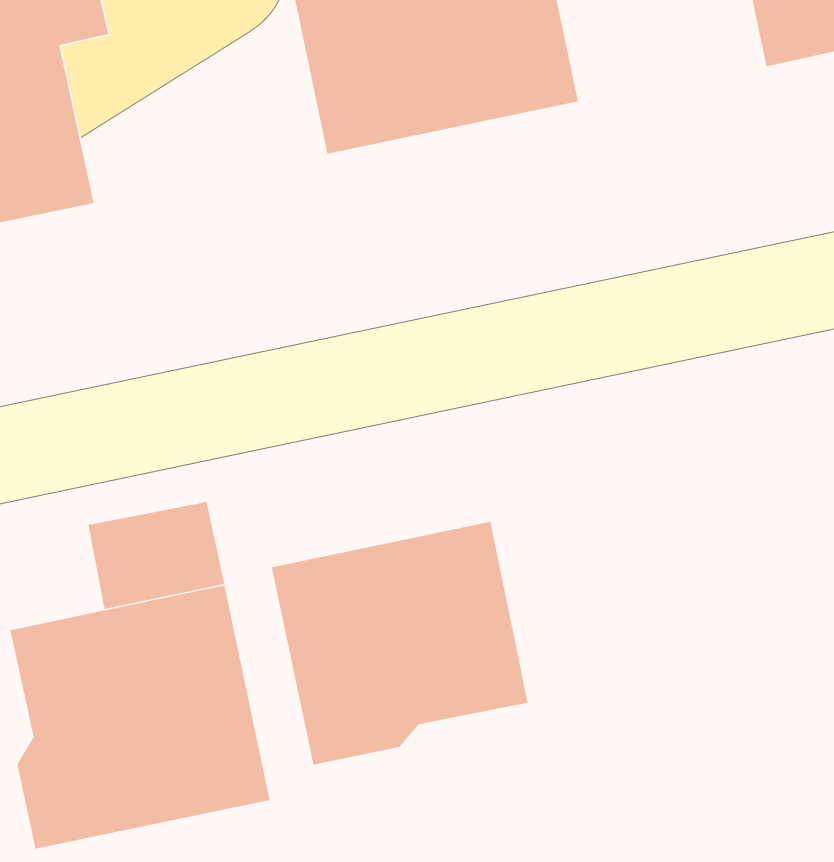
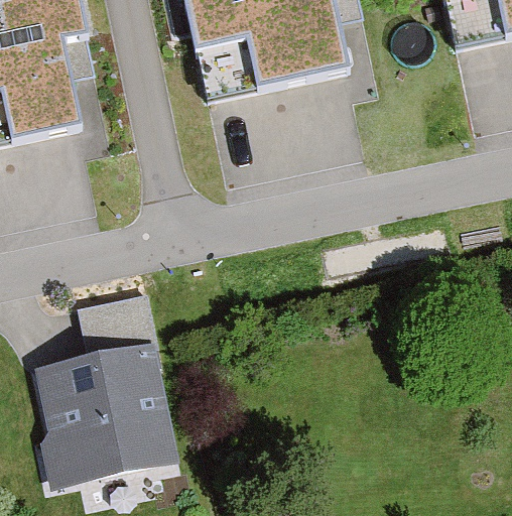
building: [271,521,529,765] -> none

